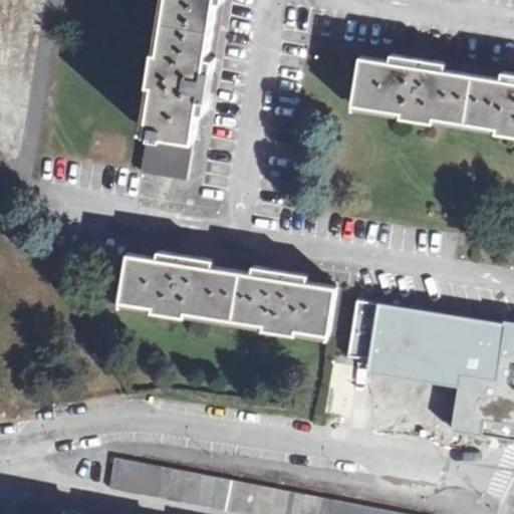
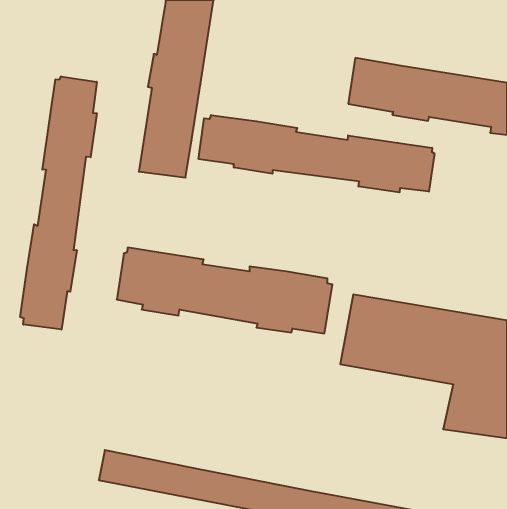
building: none -> [20,76,97,330]
building: none -> [199,115,435,192]

